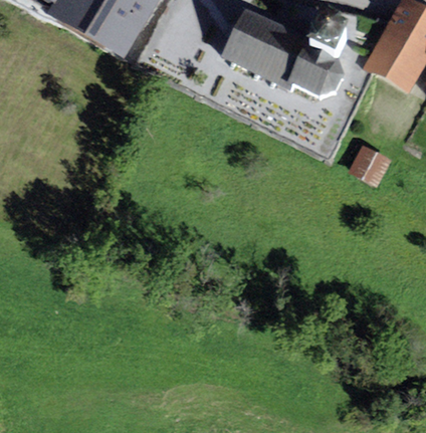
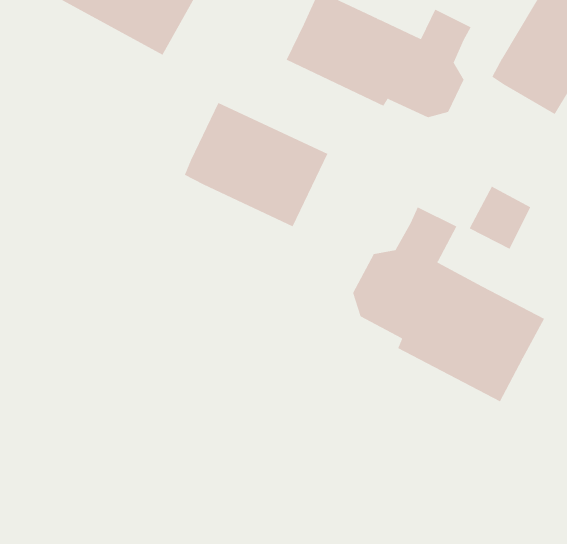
building: none -> [184,102,328,227]
building: none -> [353,207,545,402]

